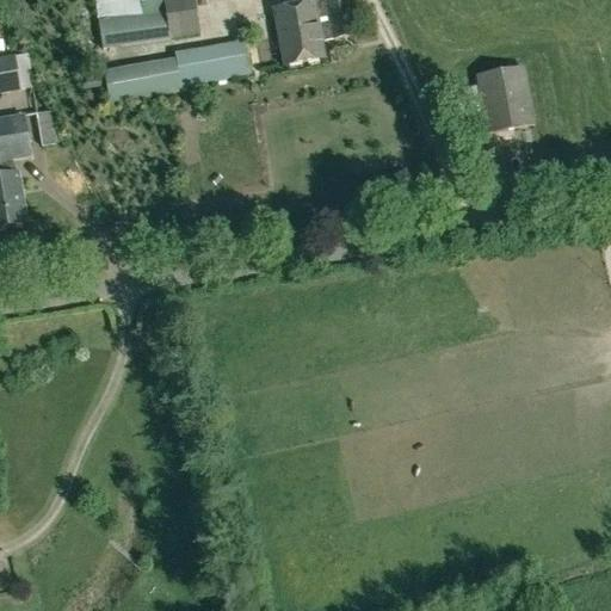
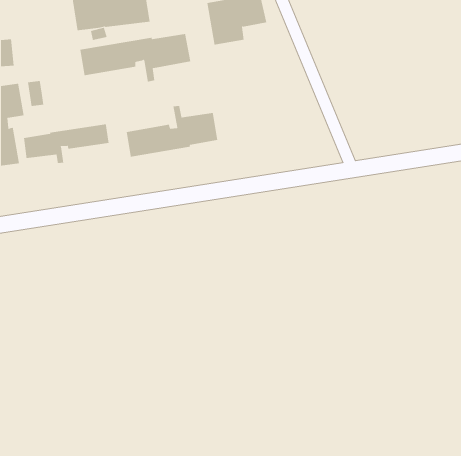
building: [475,61,536,130] -> none
building: none -> [126,105,218,158]
building: none -> [23,124,109,164]

